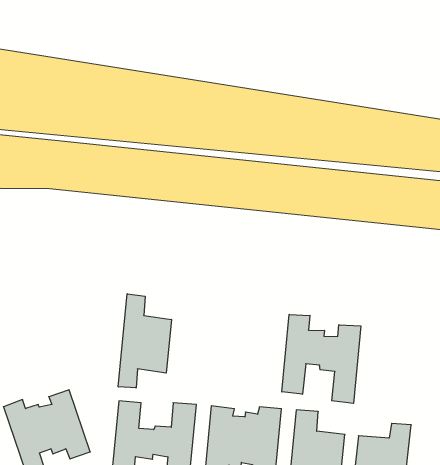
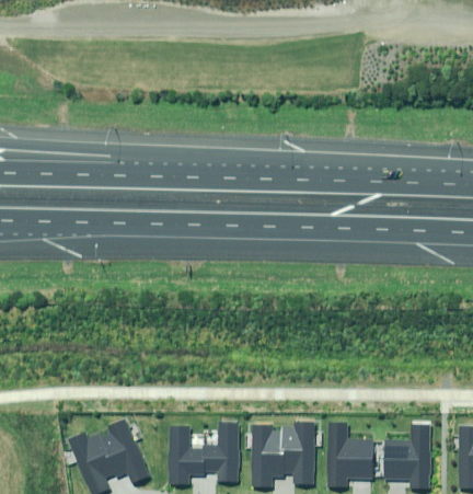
building: [118,294,171,388] -> none
building: [282,314,361,403] -> none

